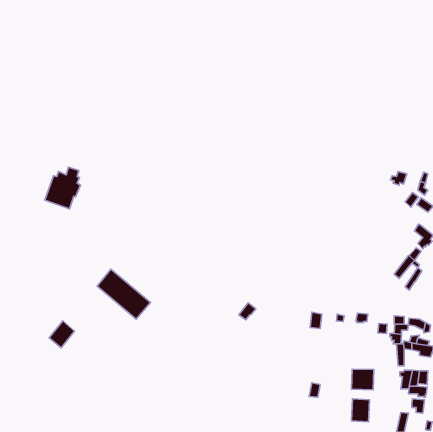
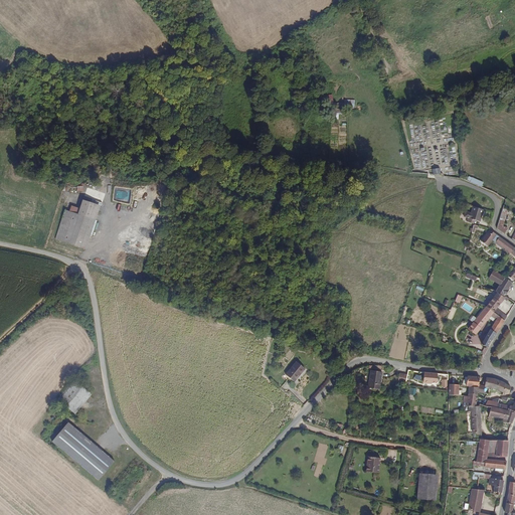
building: [97,269,151,319] -> [53,422,117,482]
building: [351,369,374,390] -> none

